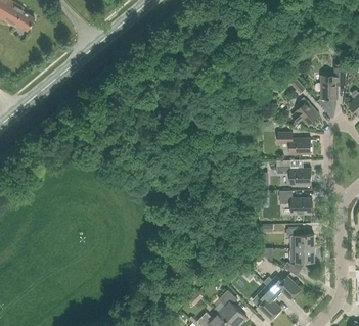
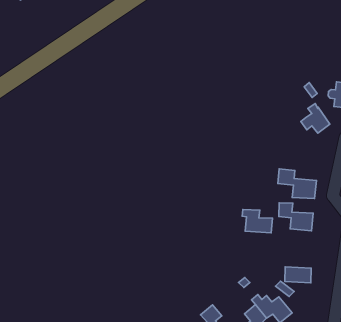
building: [278,132,310,154] -> none
building: [286,228,314,248] -> [242,210,272,233]

